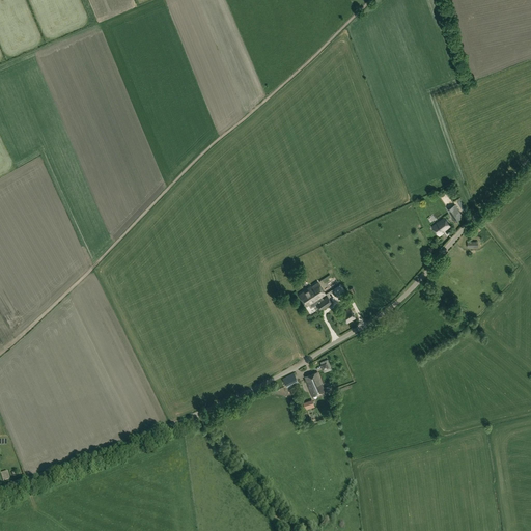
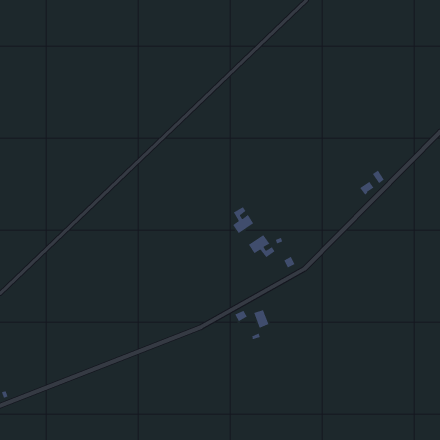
building: none -> [232,206,254,234]

